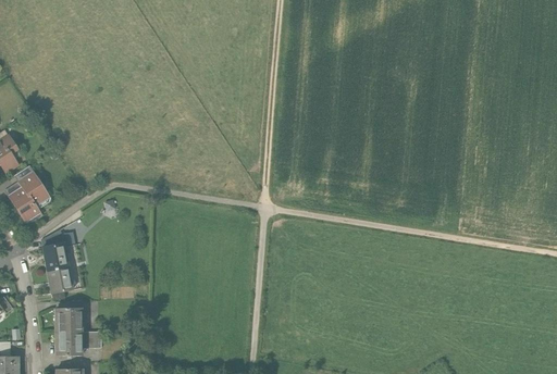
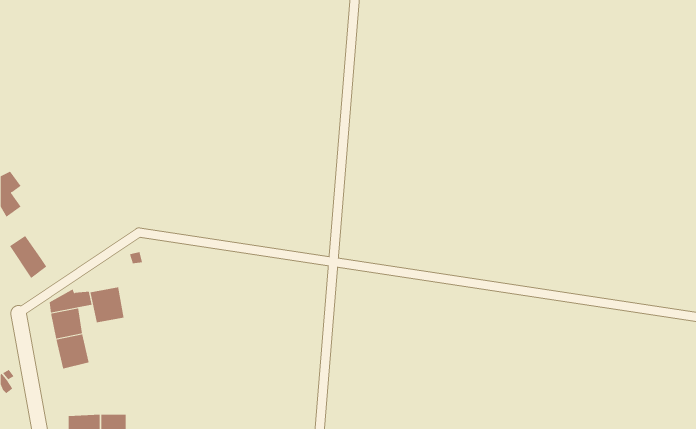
building: [18,173,49,207] -> none
building: none -> [90,286,124,323]
building: [55,309,82,332] -> none

